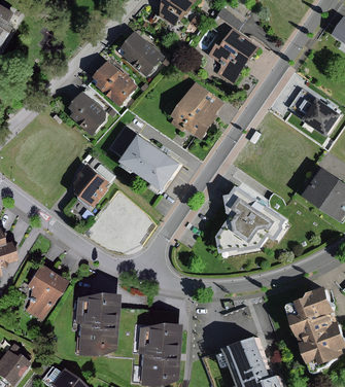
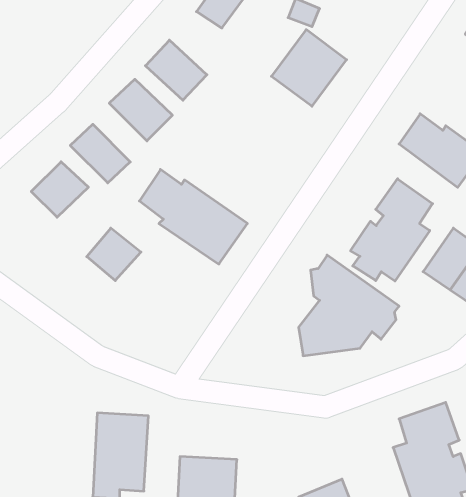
building: [173,81,228,138] -> none
building: none -> [31,162,88,217]
building: none -> [351,179,433,281]
building: [24,262,67,318] -> none

